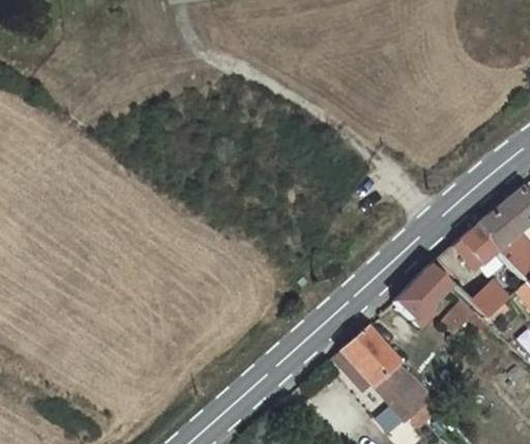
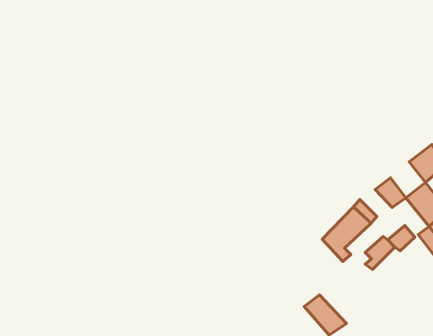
building: [478,209,519,250] -> none
building: [340,326,396,383] -> none

